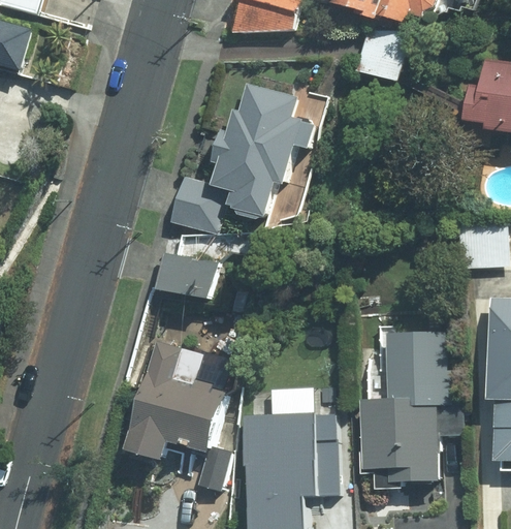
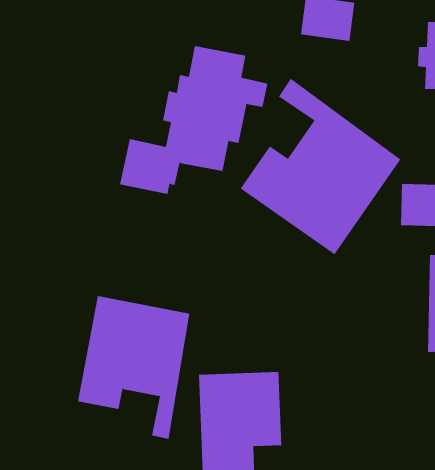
building: none -> [240,78,401,255]
building: [156,254,220,295] -> none
building: [360,324,457,487] -> none

